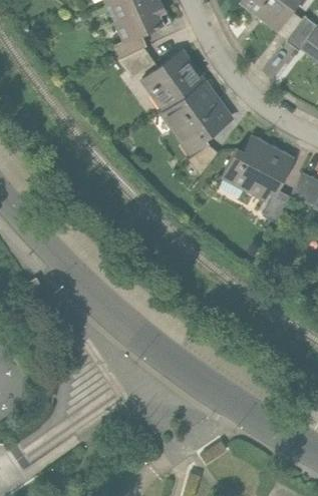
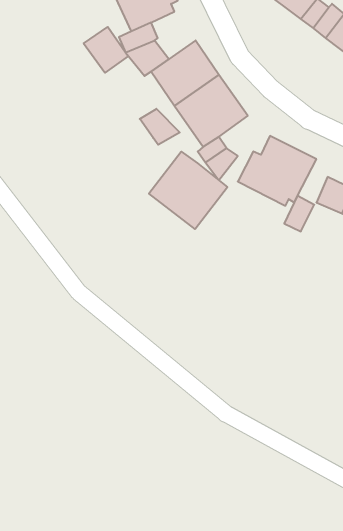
building: none -> [84,27,128,73]
building: none -> [140,109,180,145]
building: none -> [149,152,227,229]

